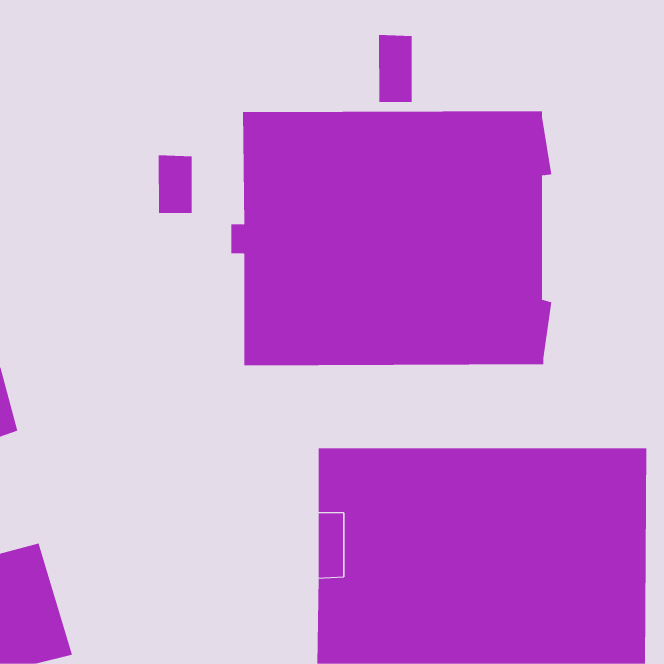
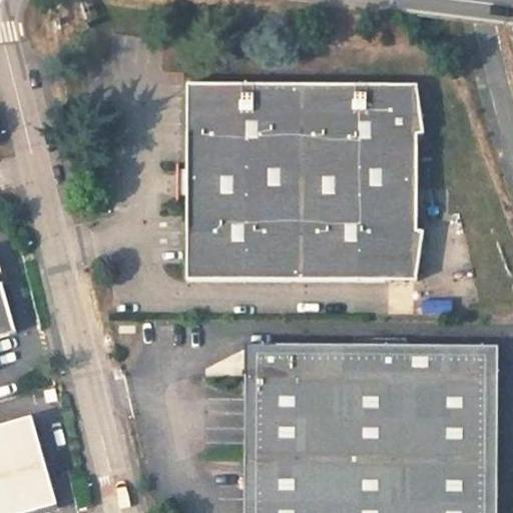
building: [379,34,412,103] -> none
building: [158,155,192,214] -> none

